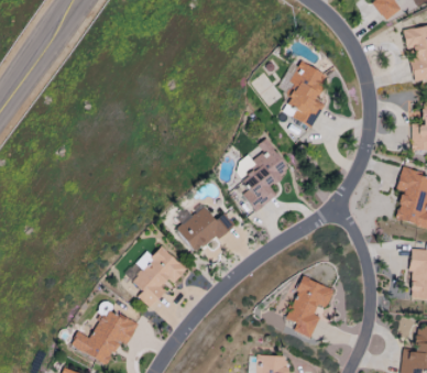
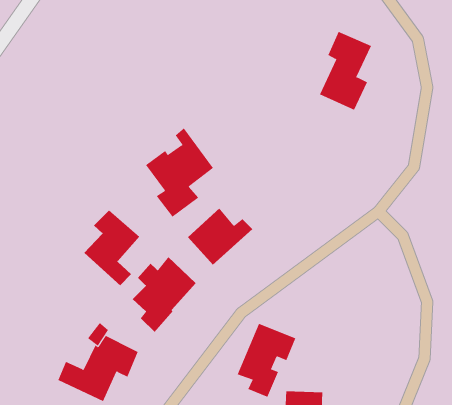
building: [233,138,289,211] -> [145,127,214,218]
building: none -> [83,209,140,286]
building: [285,277,333,338] -> [237,323,296,397]

